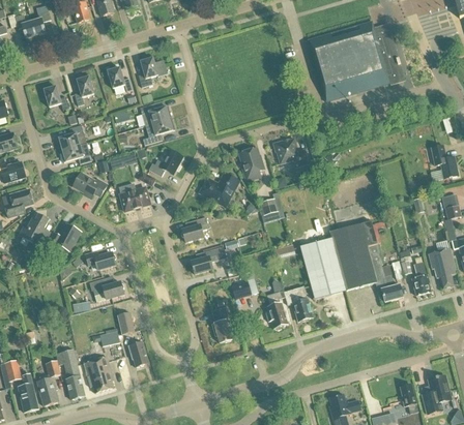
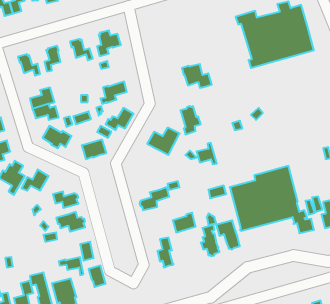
building: [139,103,171,124] -> none
building: [272,138,309,166] -> [182,64,212,88]
building: [180,216,208,242] -> none

